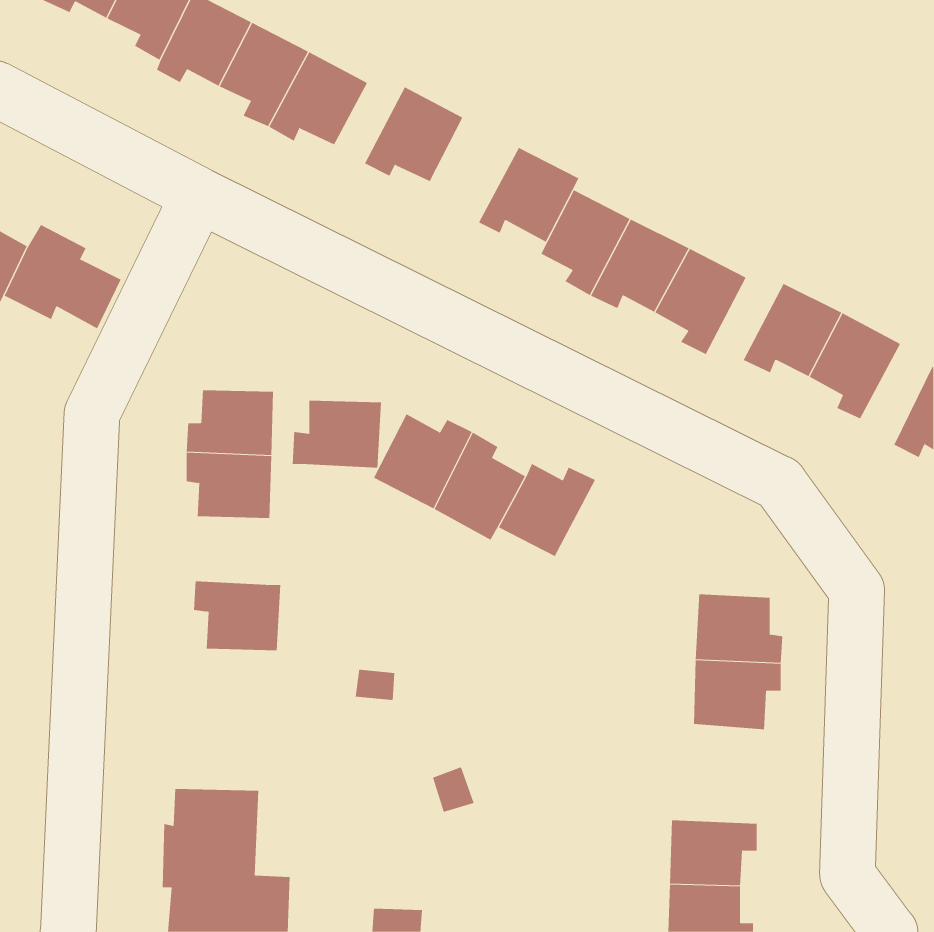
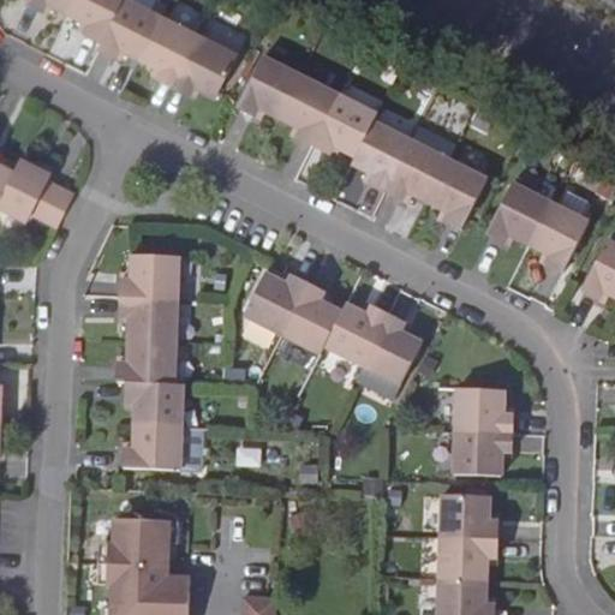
building: none -> [281,77,339,145]
building: [292,400,382,468] -> [118,338,177,382]
building: none -> [363,314,422,383]
building: none -> [124,424,181,470]
building: none -> [438,492,496,538]

